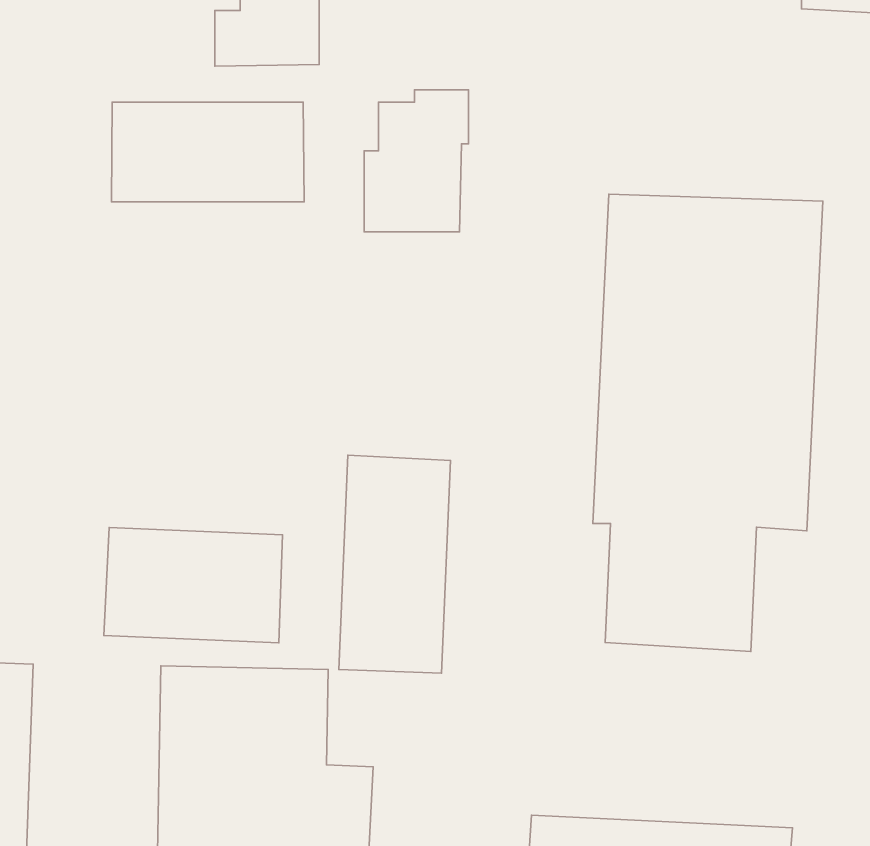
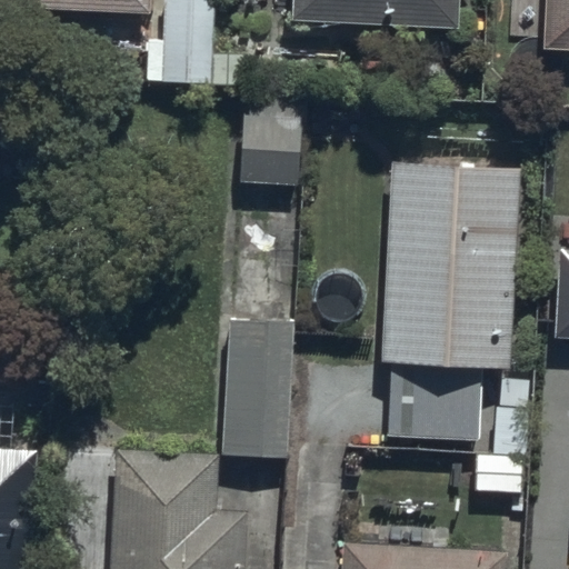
building: [111,102,304,202] -> none
building: [104,528,283,643] -> none

